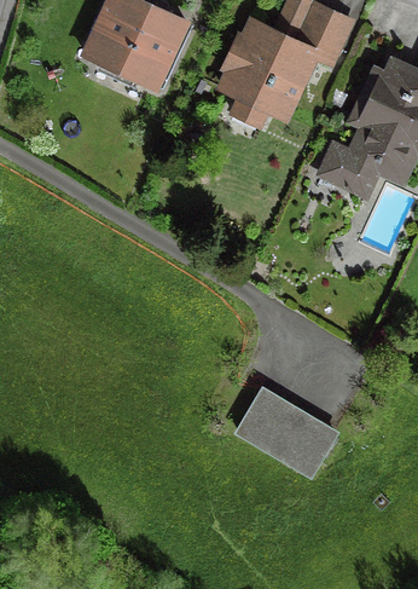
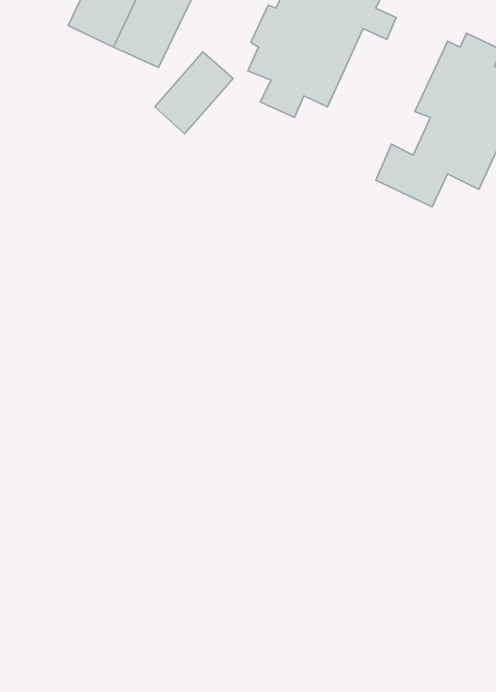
building: none -> [155,52,233,134]
building: [237,388,333,473] -> none

